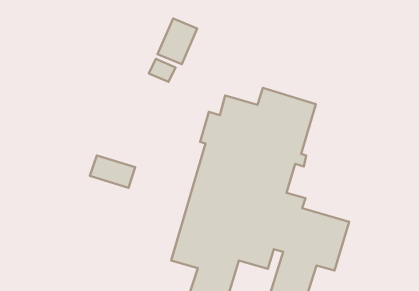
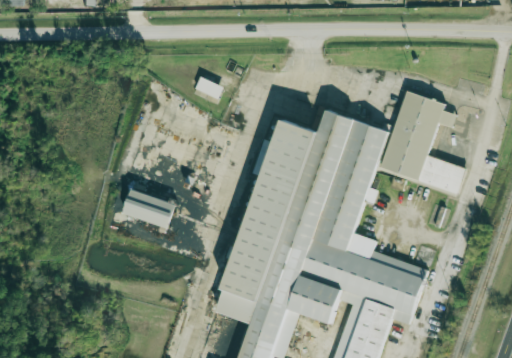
building: [158,19,197,64] -> none
building: none -> [381,91,464,193]

